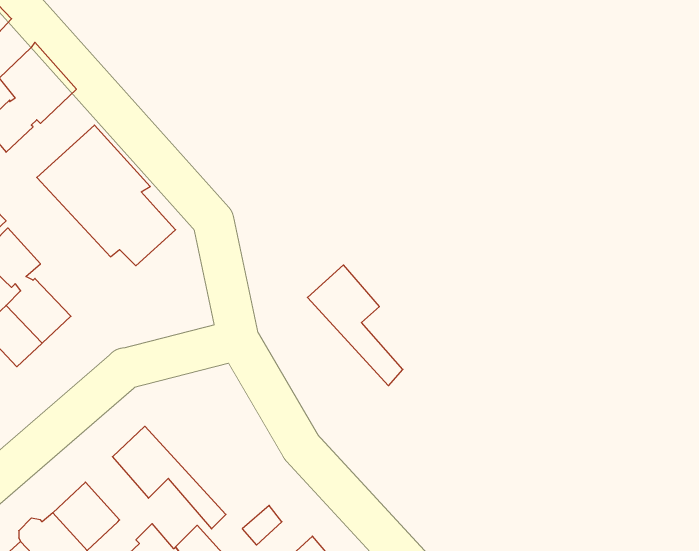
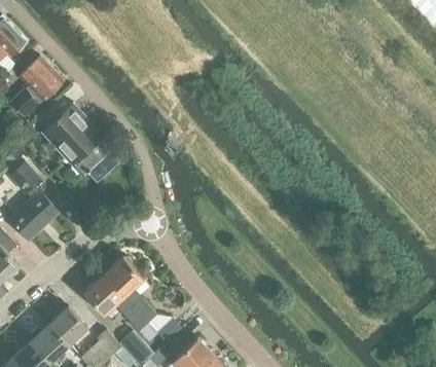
building: [307,265,403,386] -> [102,255,156,324]

